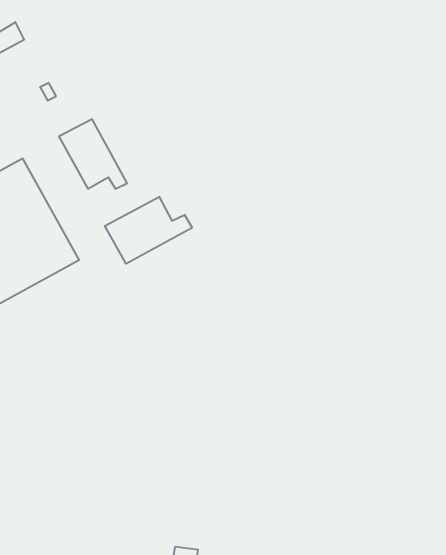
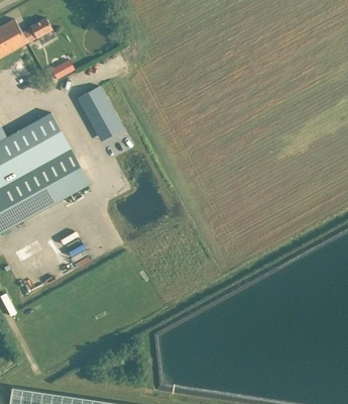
building: [105,197,192,264] -> none

